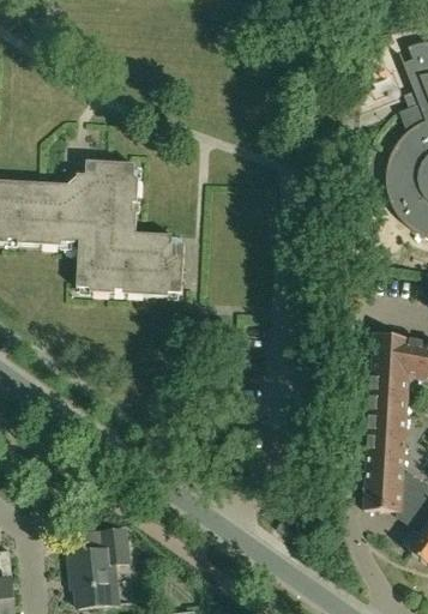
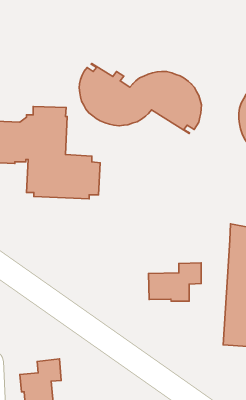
building: none -> [79,64,201,134]
building: none -> [149,263,201,301]

